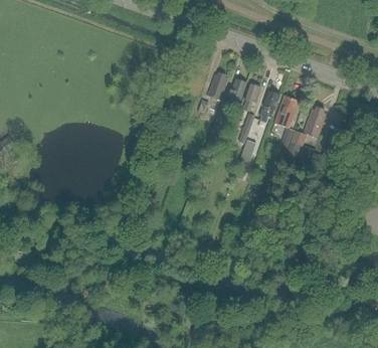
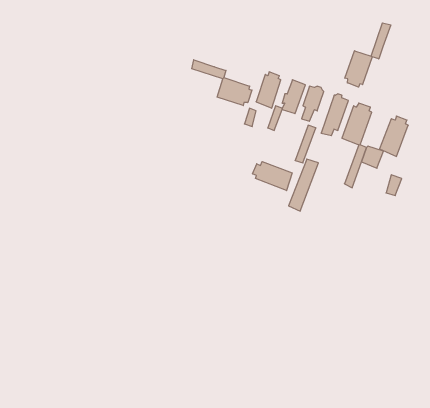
building: none -> [345,23,391,87]
building: none -> [192,60,252,106]
building: none -> [253,162,292,191]

